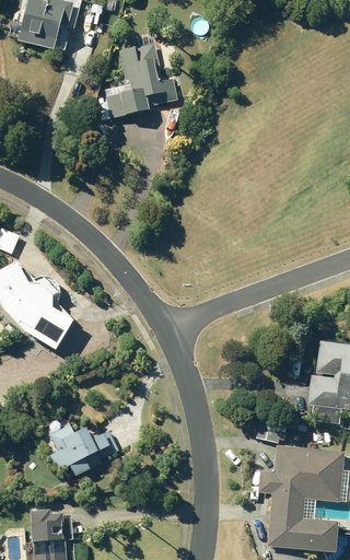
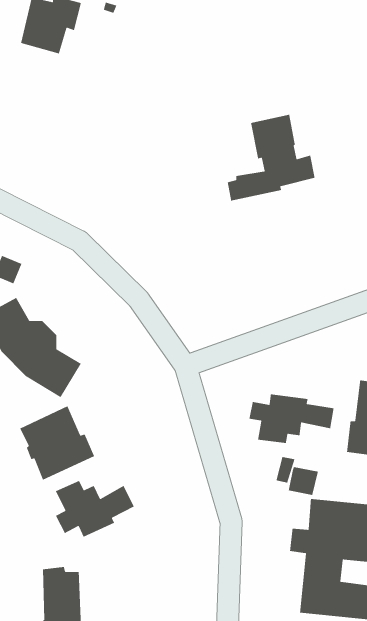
building: [100,42,178,119] -> [227,114,316,202]
building: none -> [248,394,334,444]
building: none -> [19,405,95,481]

